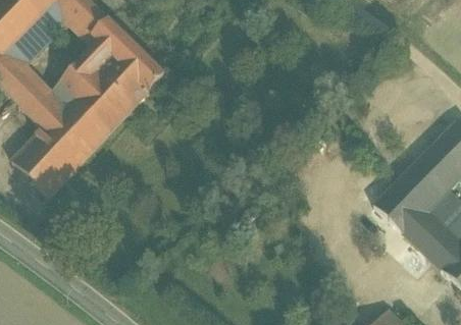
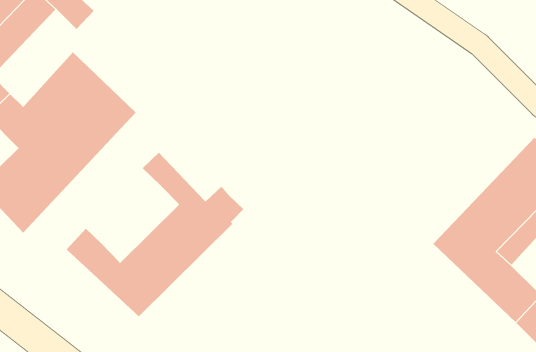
building: [88,17,163,99] -> none
building: none -> [66,152,244,317]

